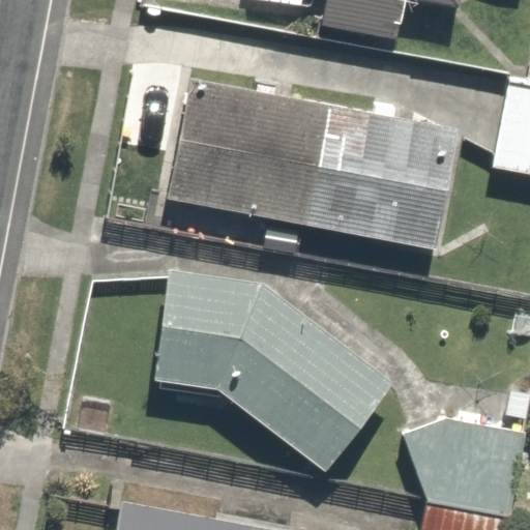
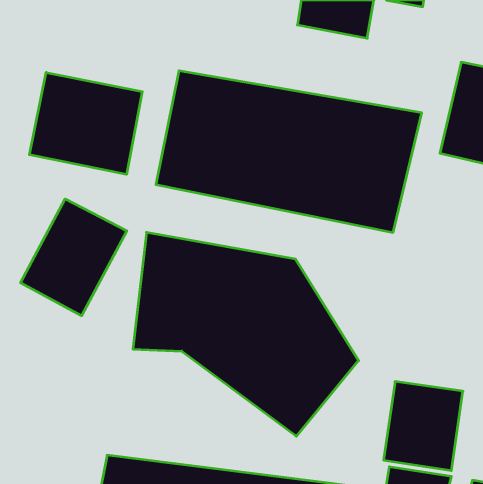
building: none -> [29,72,142,174]
building: none -> [21,199,127,316]

